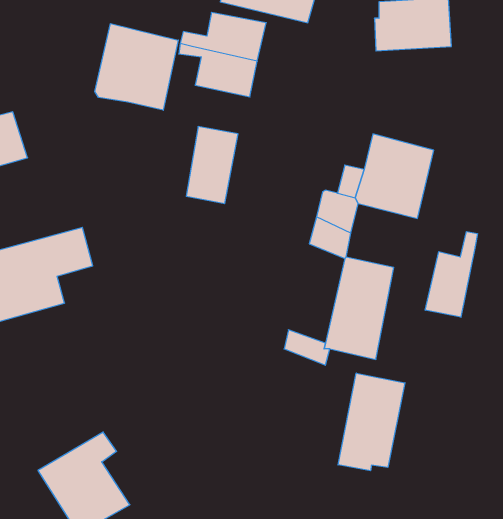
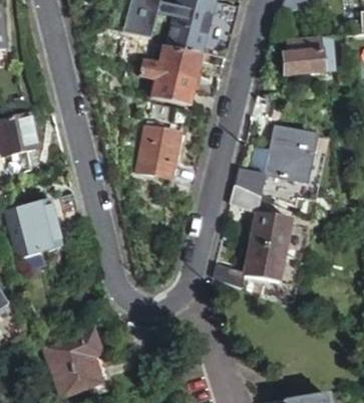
building: [95,24,178,110] -> none
building: [425,232,477,317] -> none
building: [338,373,405,471] -> none

